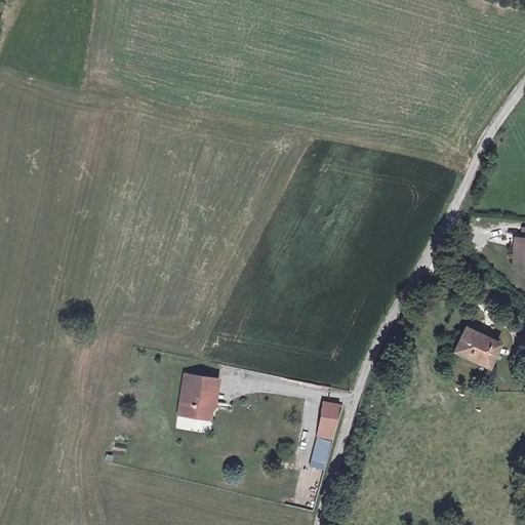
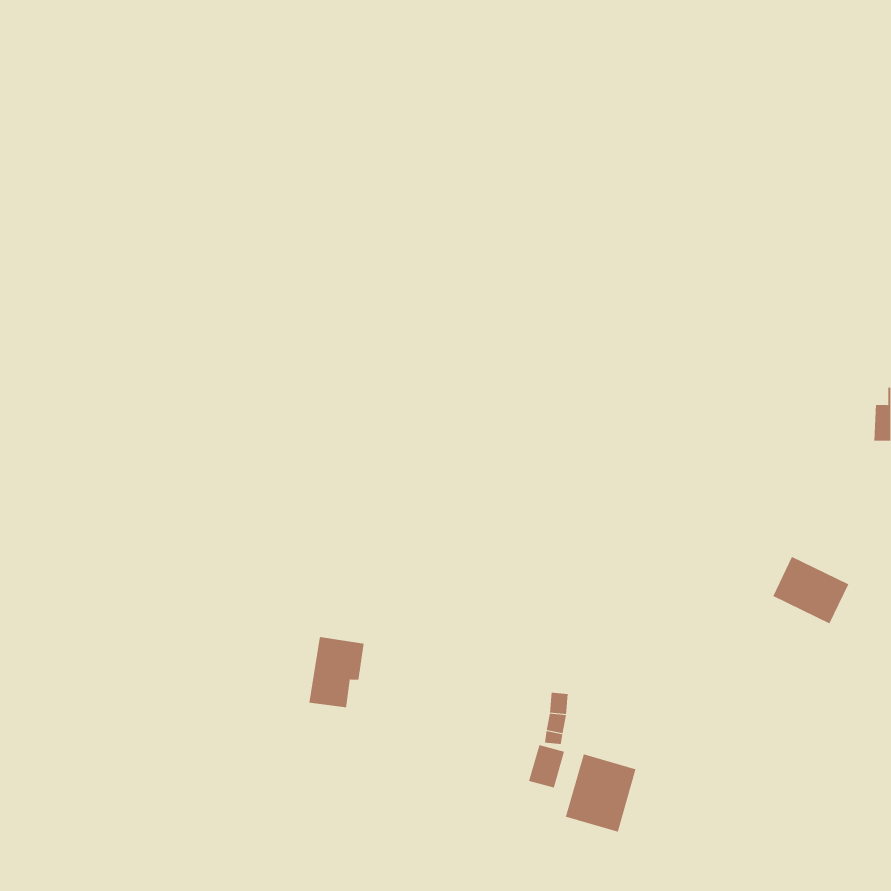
building: none -> [565,754,636,833]

